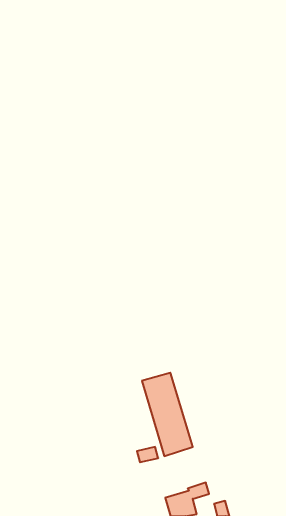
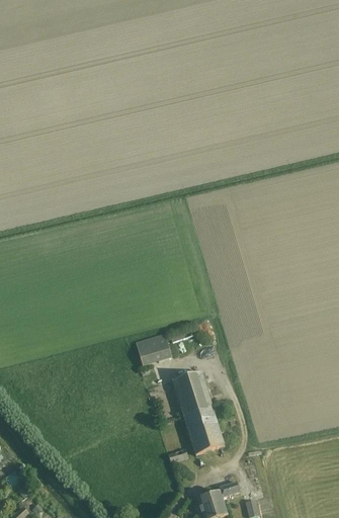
building: none -> [135,333,171,365]

